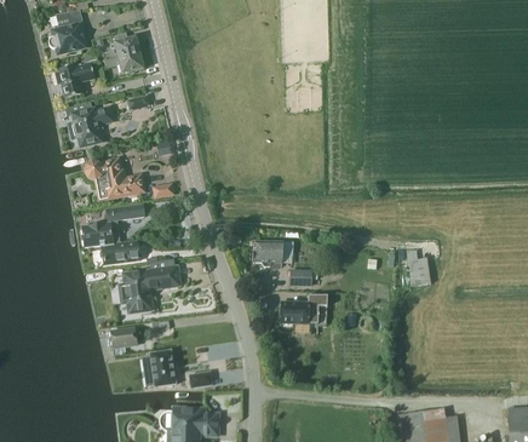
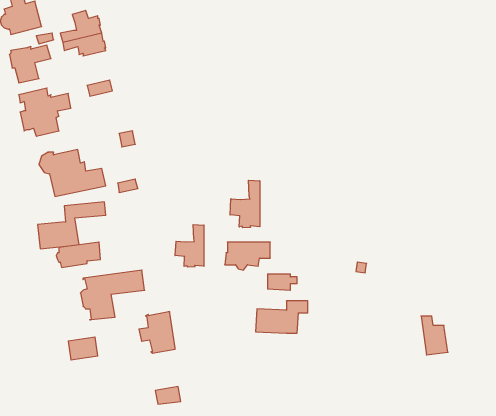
building: none -> [230,180,260,228]
building: none -> [175,225,204,267]
building: [407,249,431,285] -> [421,316,448,355]
building: [143,350,176,388] -> [139,312,175,353]

